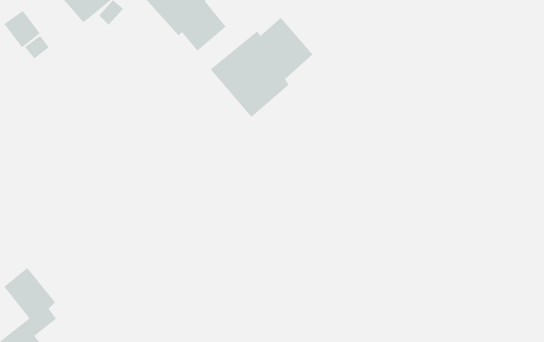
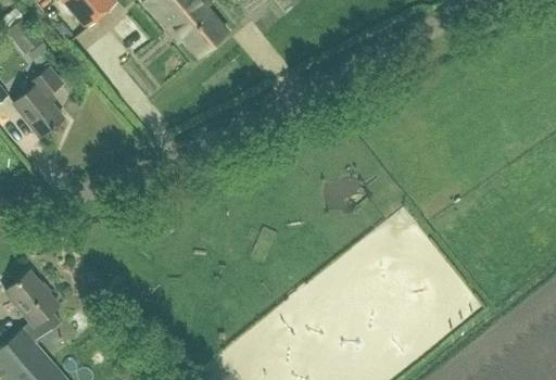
building: [210,17,313,118] -> none
building: none -> [12,67,62,136]

